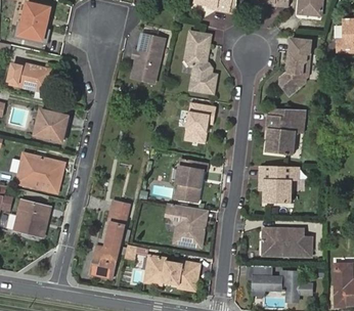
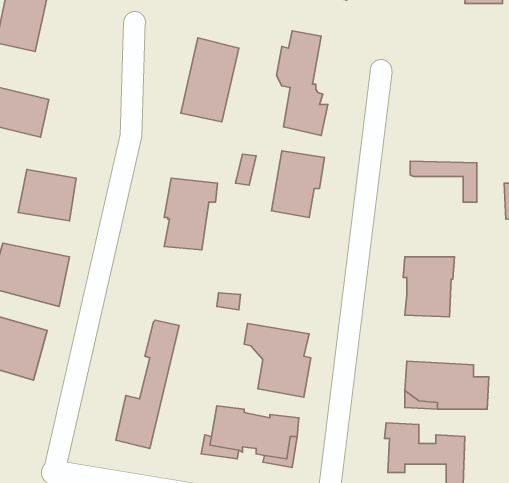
building: [282,40,312,88] -> none
building: [267,116,298,153] -> none
building: [174,157,206,199] -> [164,178,217,250]

